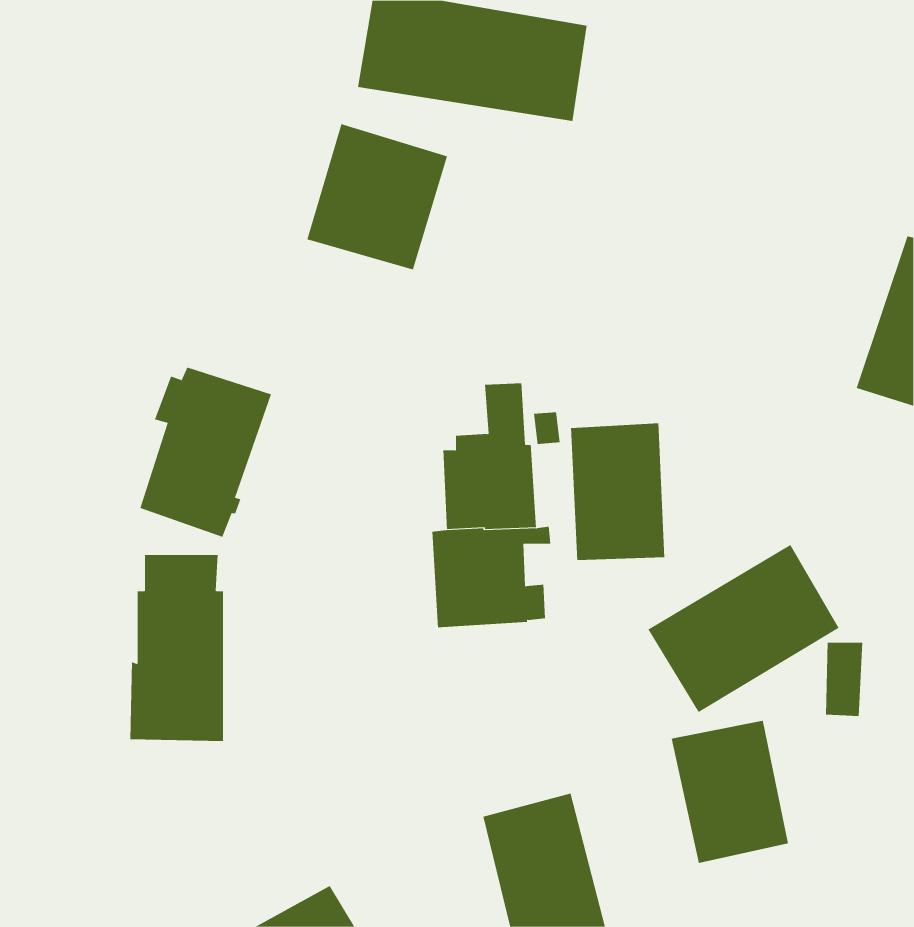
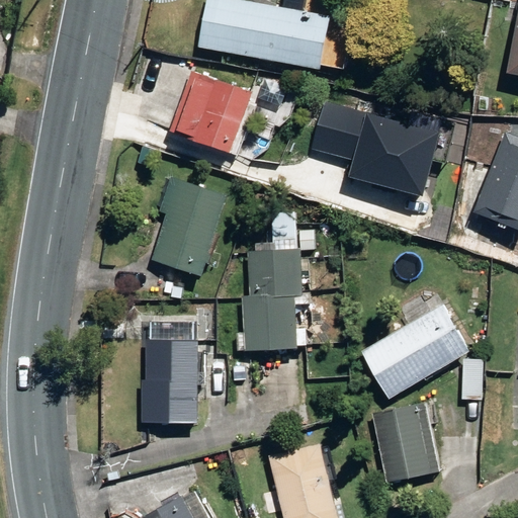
building: none -> [305,99,433,197]
building: [140,367,272,537] -> [153,180,227,275]
building: [570,423,665,561] -> none
building: [129,555,224,741] -> [143,319,195,423]

